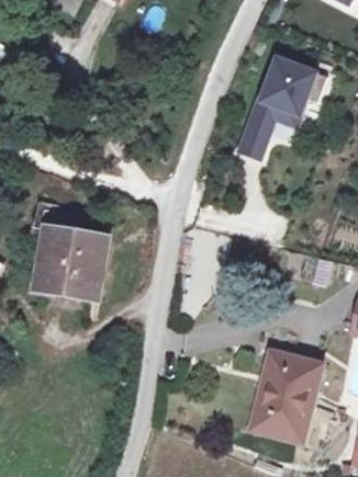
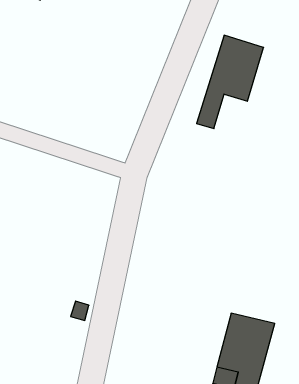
building: [37,207,110,295] -> none

